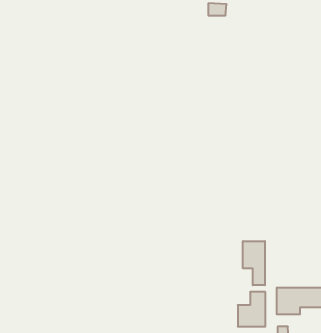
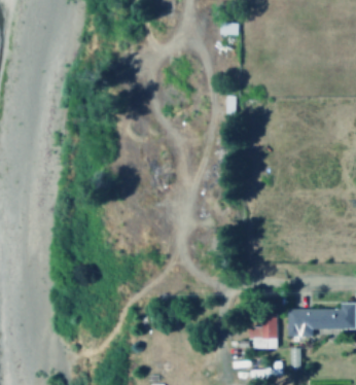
building: [243,241,265,285] -> none

